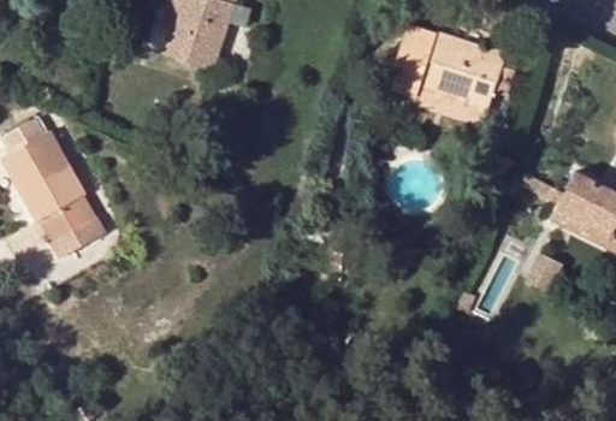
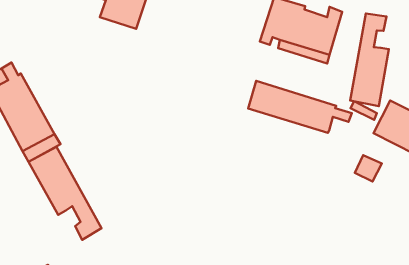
building: none -> [350,13,389,106]
building: none -> [248,81,352,133]
building: none -> [28,147,101,240]

